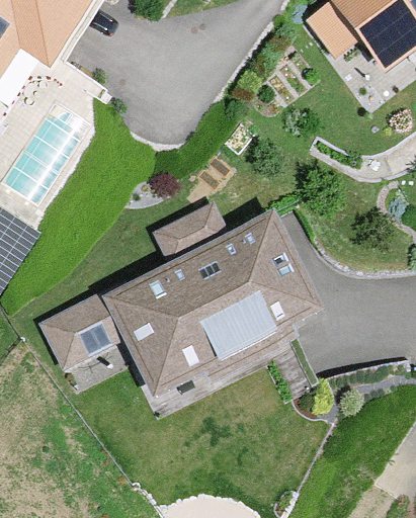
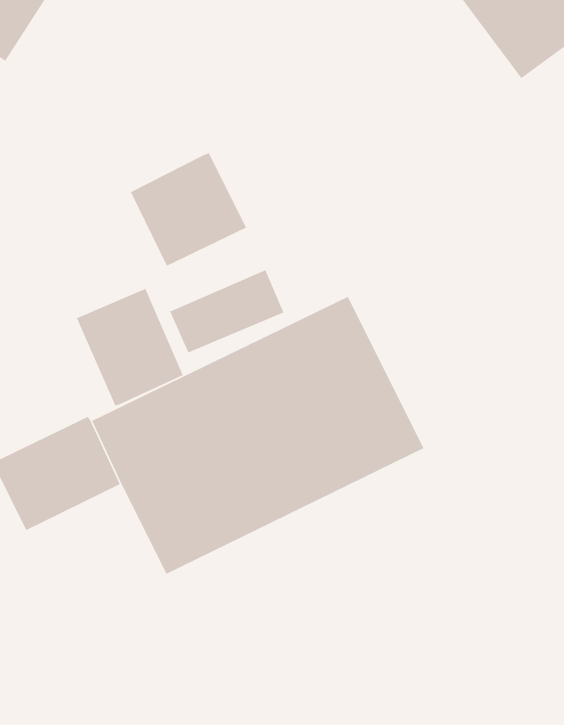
building: none -> [130,152,247,267]
building: none -> [76,288,184,406]

